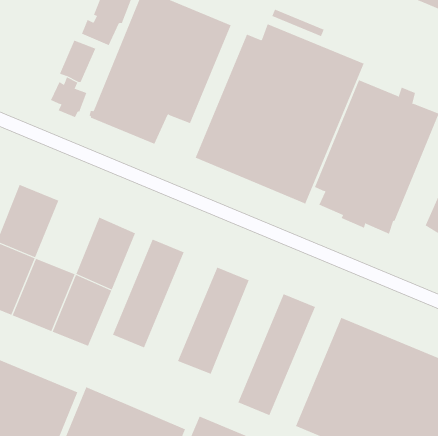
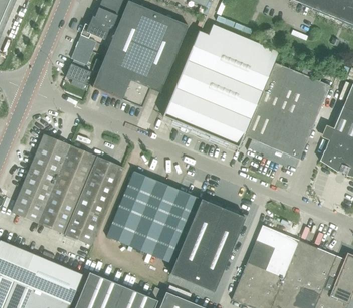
building: none -> [55,144,98,195]
building: none -> [129,180,179,254]
building: none -> [170,199,224,282]

